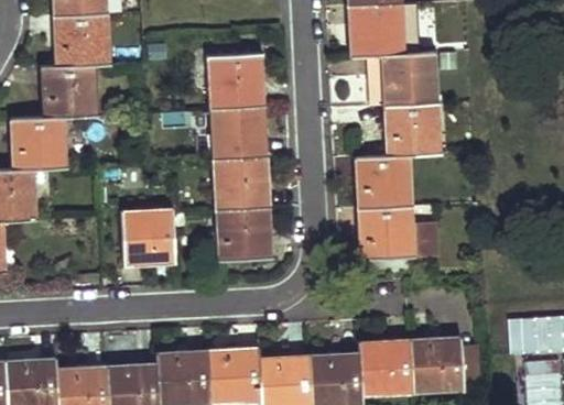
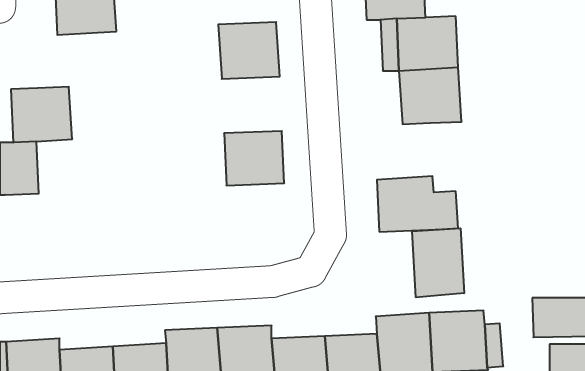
building: [35,67,97,120] -> none
building: [212,109,269,163] -> none
building: [356,153,412,207] -> none
building: [122,210,174,267] -> none
building: [216,210,273,263] -> none
building: none -> [412,228,464,297]

